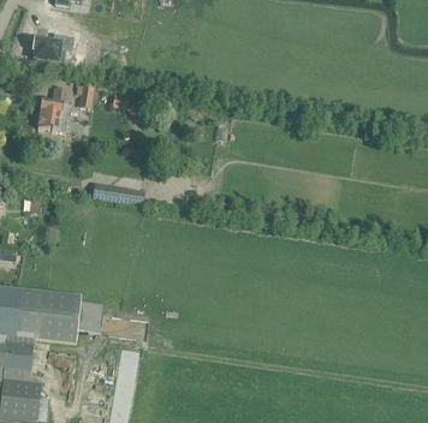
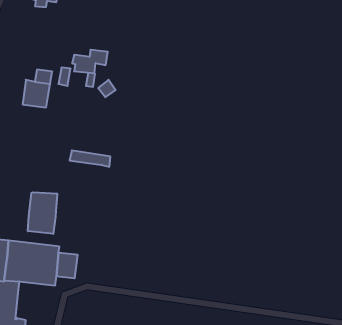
building: [31,35,73,62] -> [72,50,108,73]
building: none -> [28,192,57,234]

